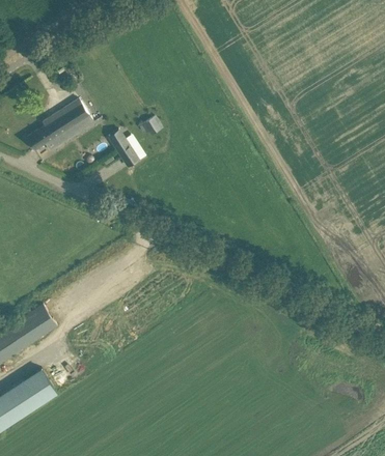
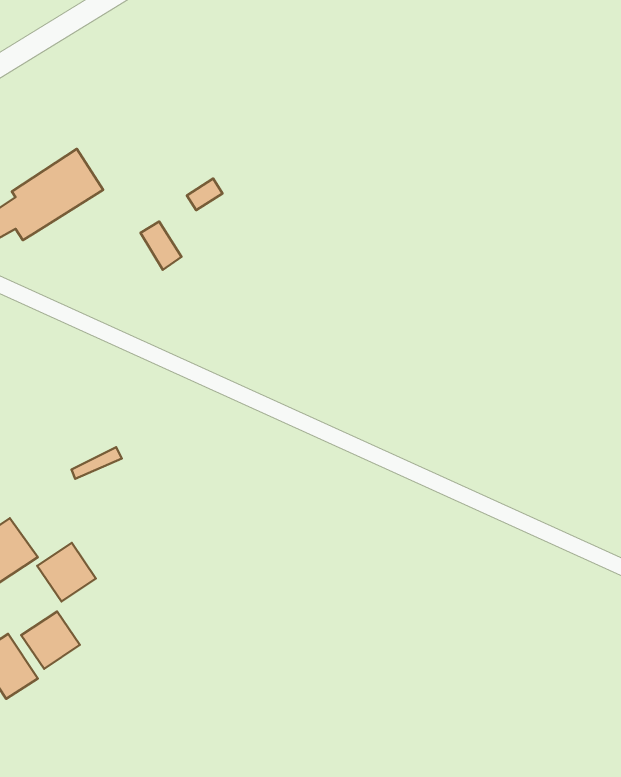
building: none -> [37,543,96,601]
building: none -> [21,611,80,669]

